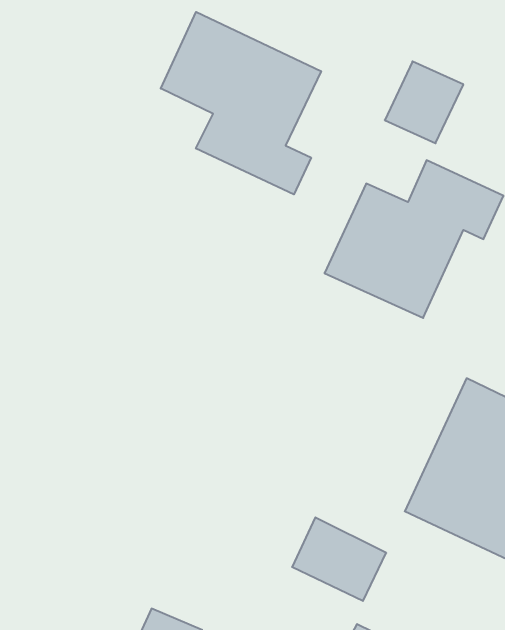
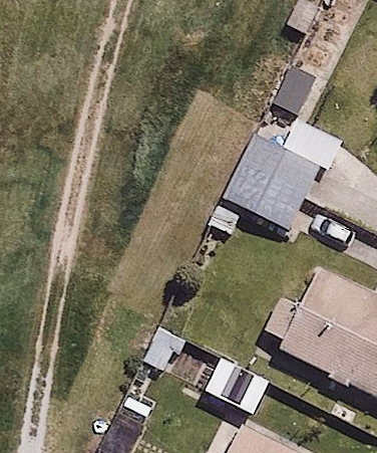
building: [161,12,321,194] -> none

